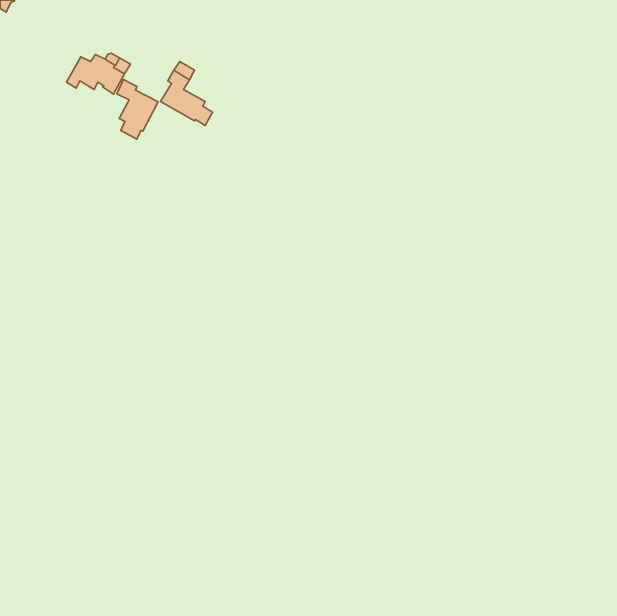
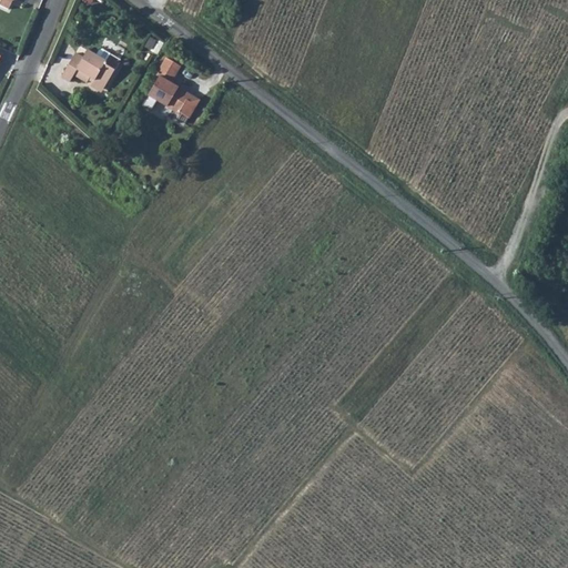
building: [117,79,158,139] -> none

